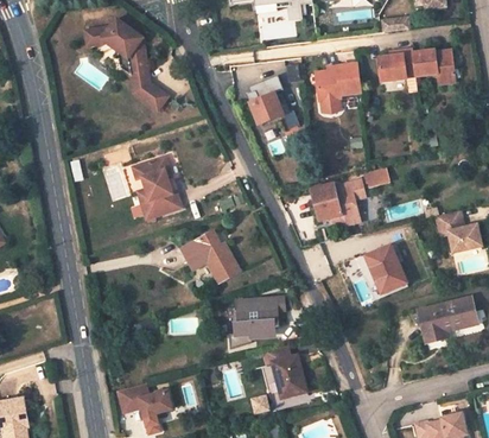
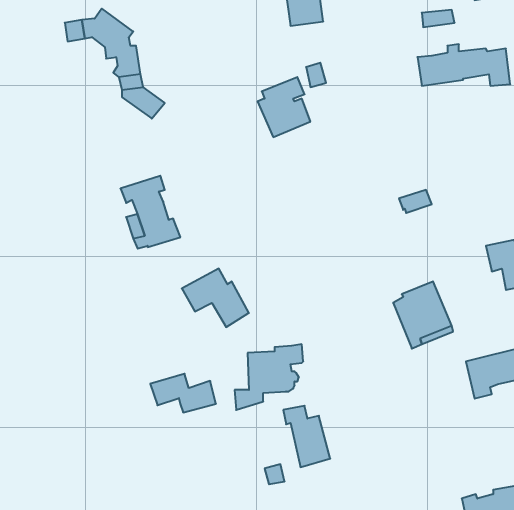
building: [315,62,360,101] -> none
building: [310,179,364,226] -> none
building: [118,382,172,414] -> [150,374,216,412]

